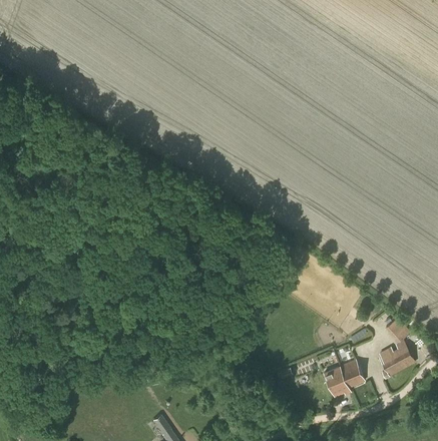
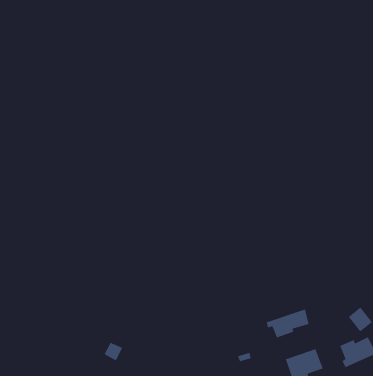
building: none -> [266,309,309,338]

